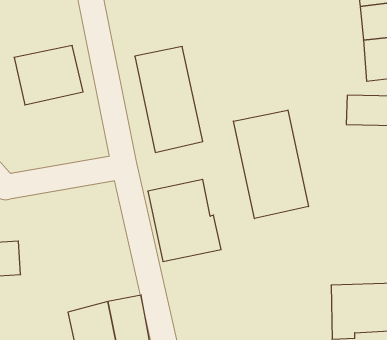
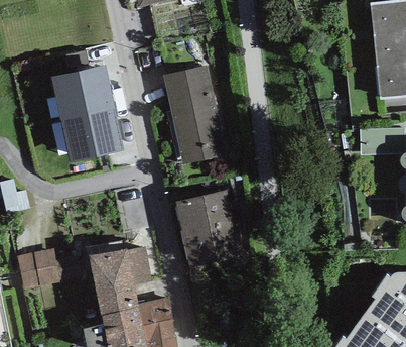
building: none -> [59,109,123,163]
building: [233,110,308,219] -> none
building: none -> [88,247,151,315]

